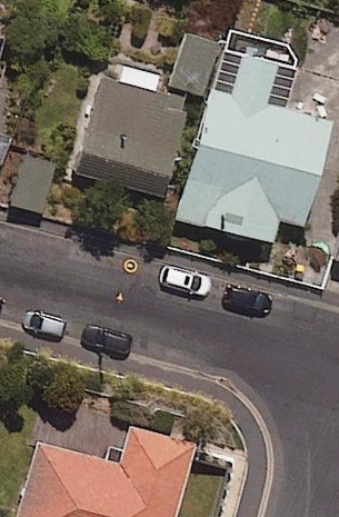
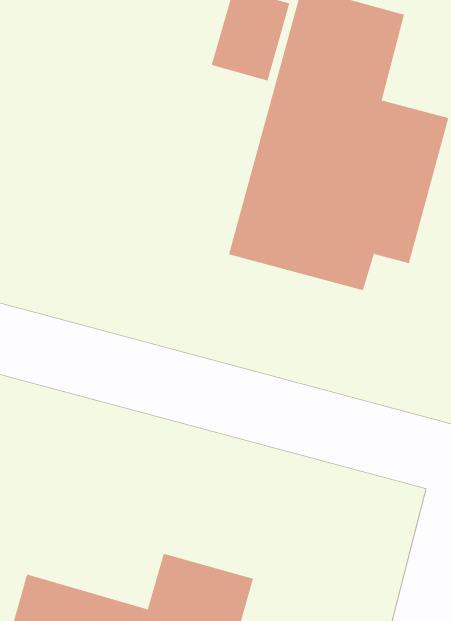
building: [77,61,190,198] -> none

